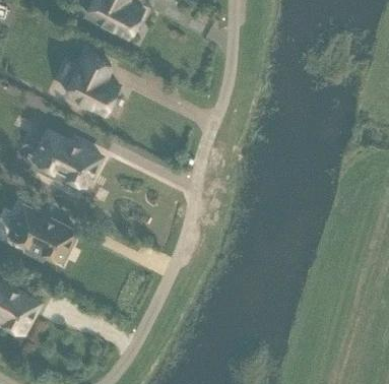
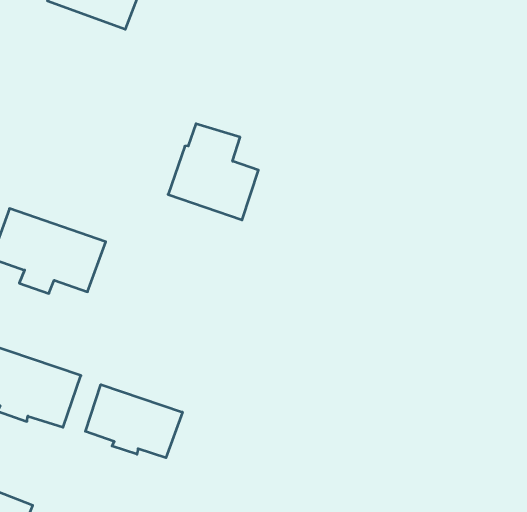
building: [63,56,117,115] -> [168,124,258,220]
building: none -> [85,385,182,458]

